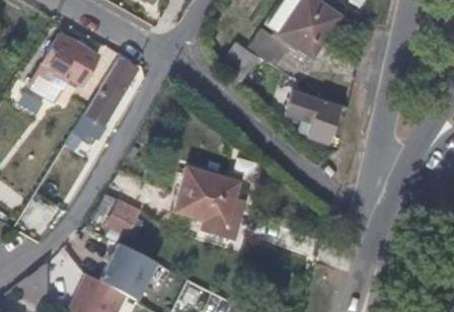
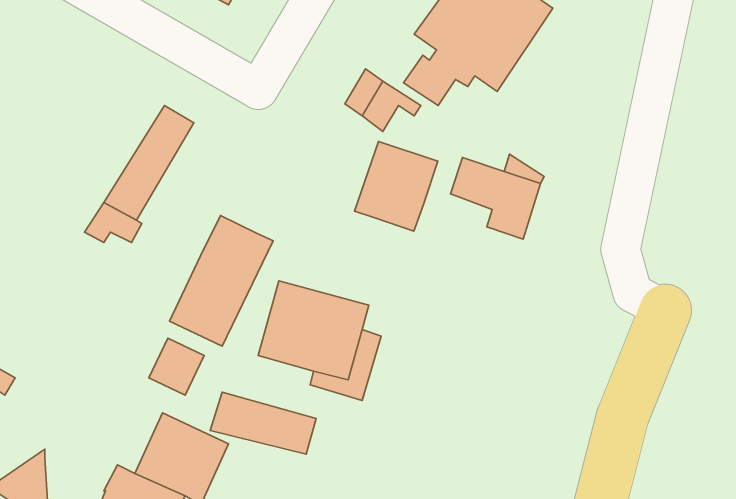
building: [30,36,97,103] -> none
building: none -> [354,141,438,231]
building: none -> [169,216,273,346]
building: none -> [210,392,316,454]

